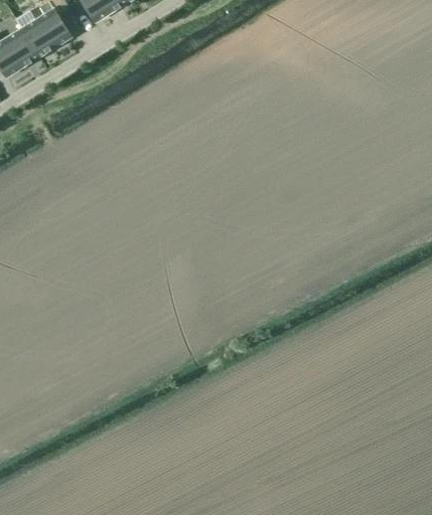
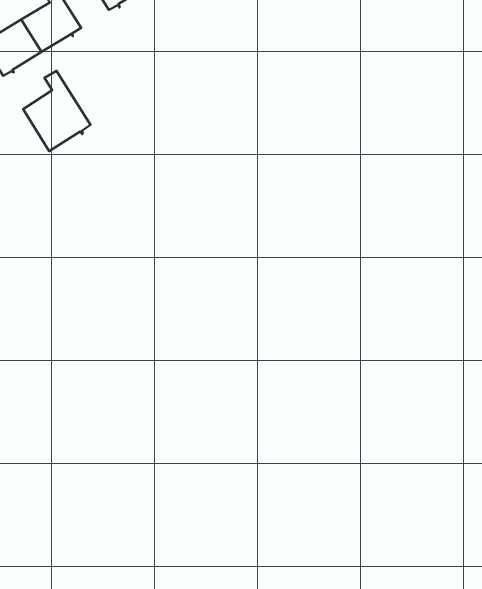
building: none -> [23,71,90,151]

